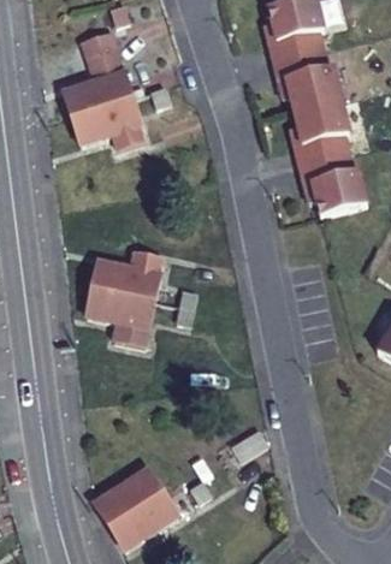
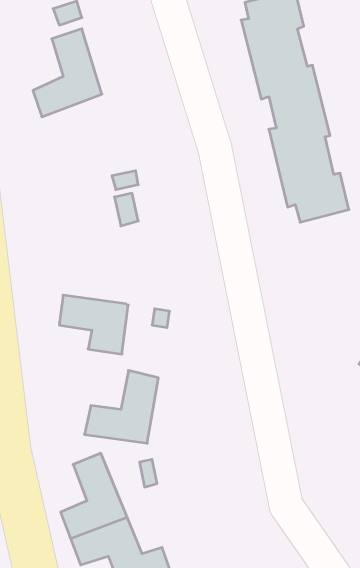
building: [75,95,153,171] -> none
building: [95,226,166,296] -> [84,370,158,443]

